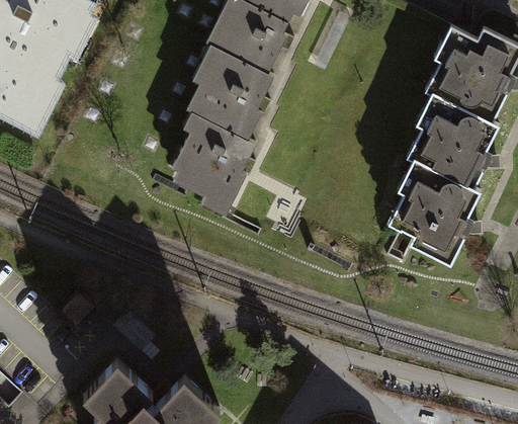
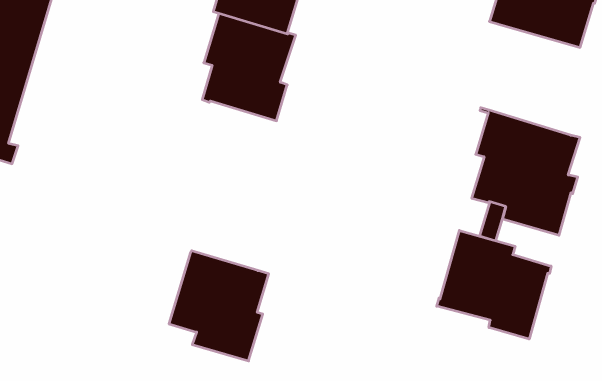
building: [409,91,500,190] -> none
building: [173,115,257,208] -> [169,251,269,361]
building: none -> [437,230,551,339]

